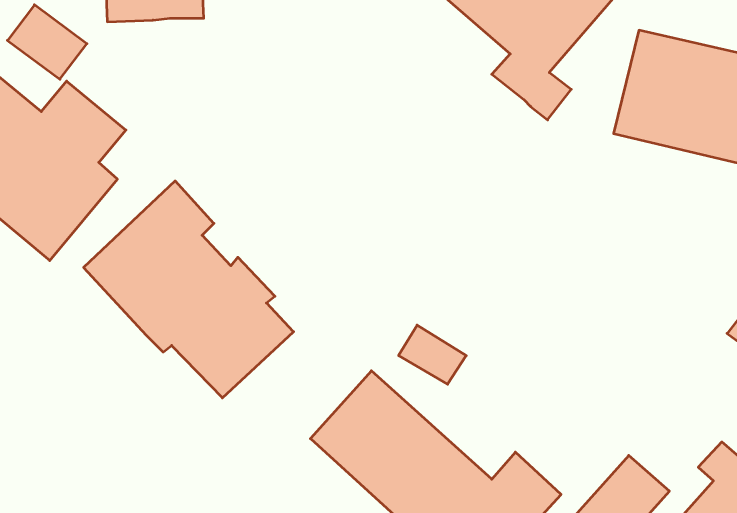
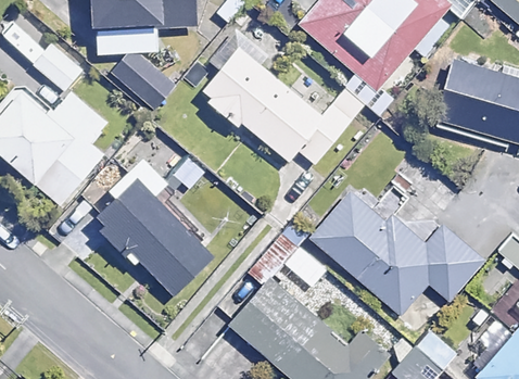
building: none -> [200,45,352,163]
building: none -> [110,51,177,111]
building: none -> [311,192,483,316]

